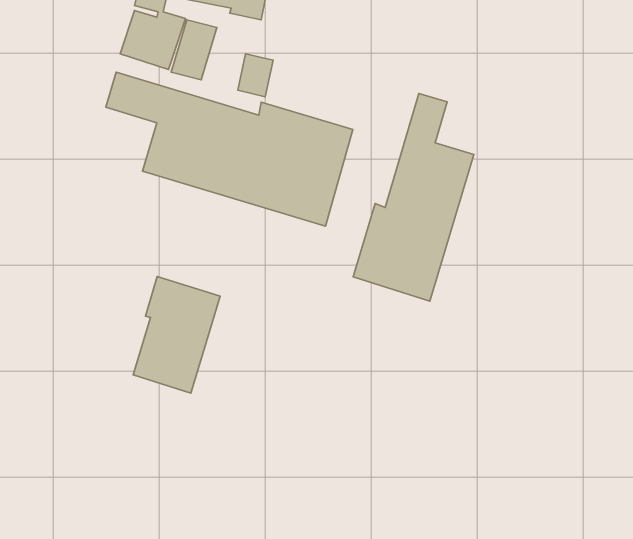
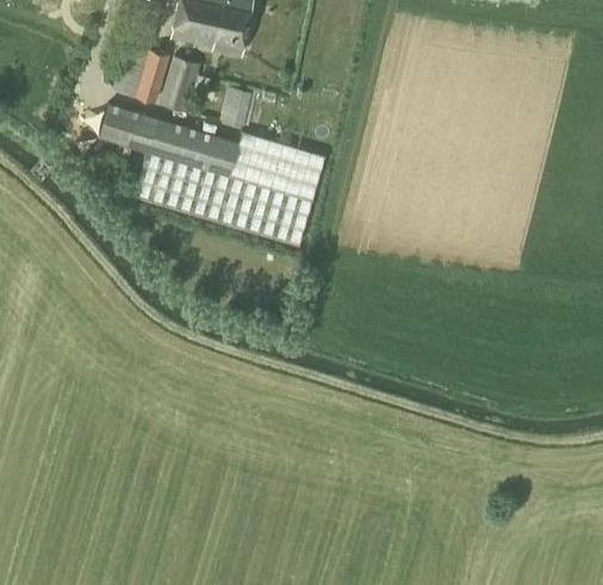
building: [353,93,474,301] -> none
building: [133,276,220,393] -> none

